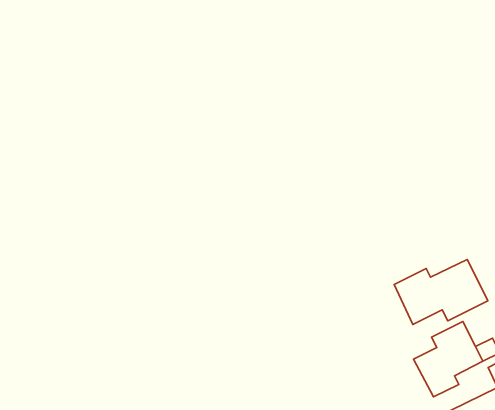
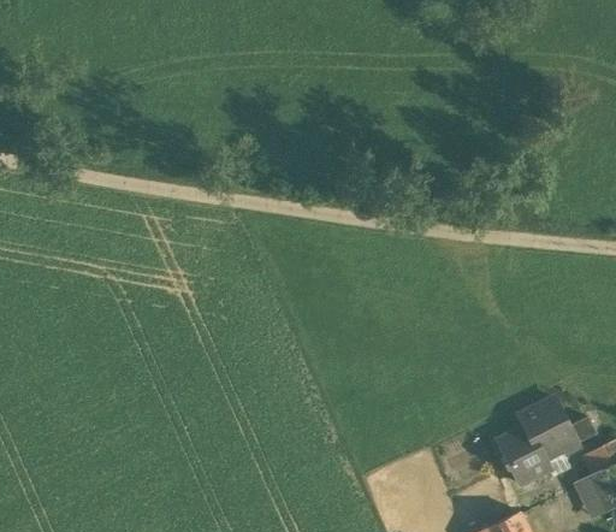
building: [394,259,488,325] -> none

